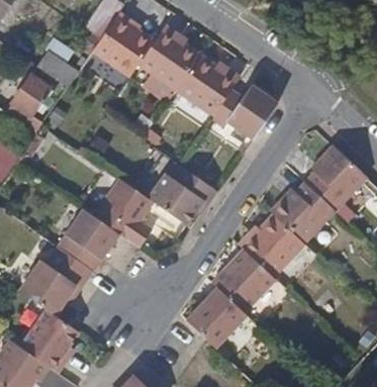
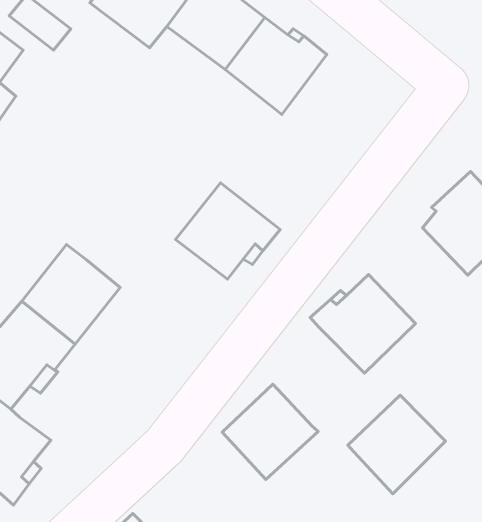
building: [211,85,277,138] -> none
building: [95,180,151,247] -> none
building: [271,184,337,245] -> none
building: [213,251,275,313] -> [348,395,446,494]

